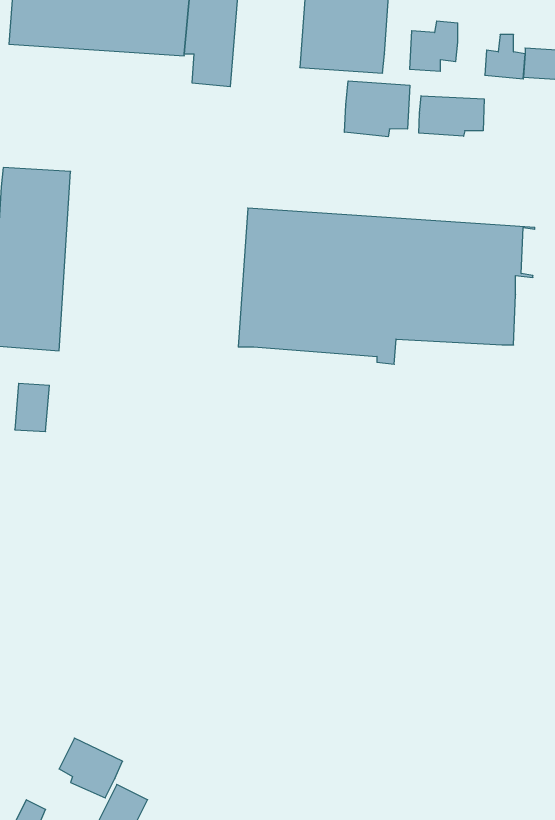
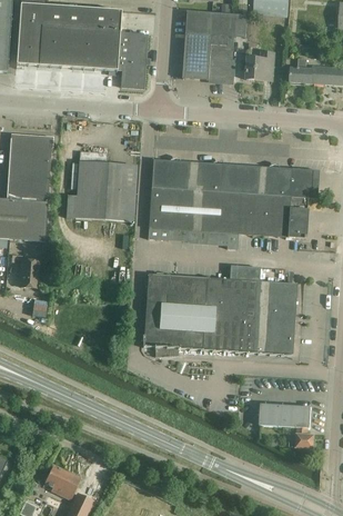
building: [344,81,410,137] -> none
building: [419,96,484,136] -> none
building: none -> [67,161,137,221]
building: none -> [143,264,296,354]
building: none -> [260,403,314,448]

